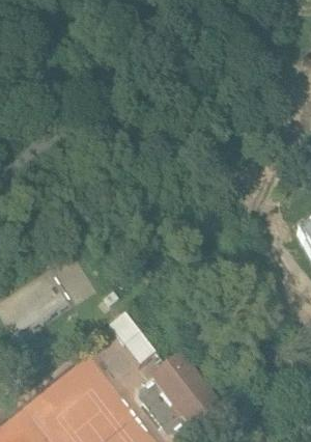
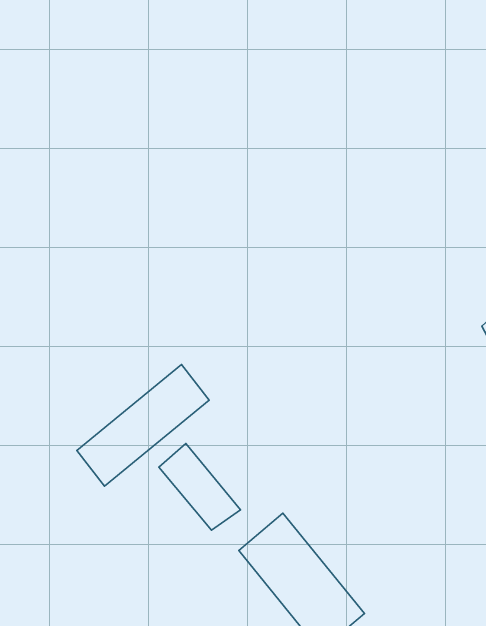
building: none -> [77,365,209,486]

